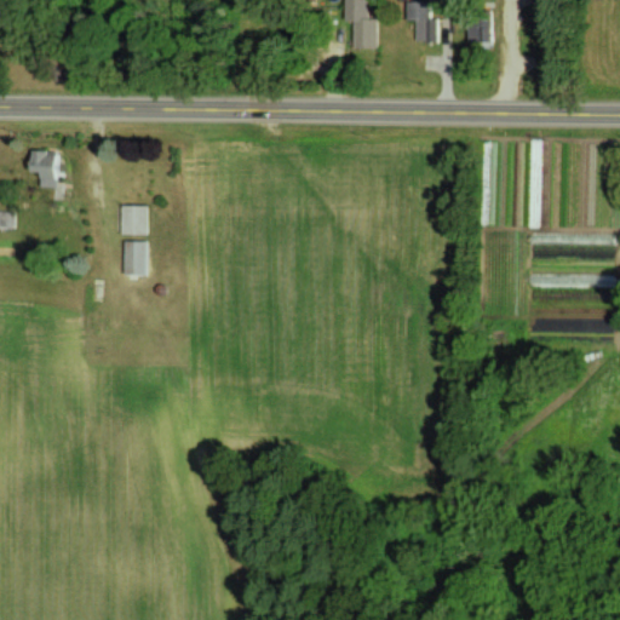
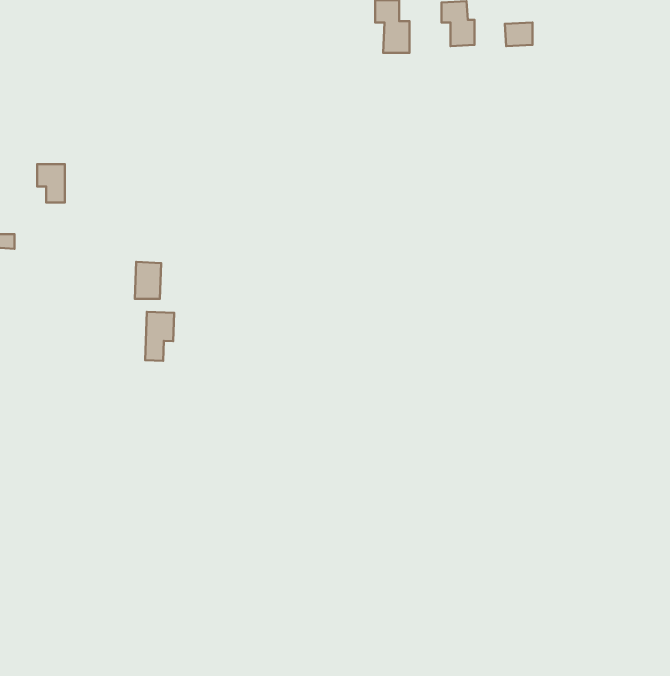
building: [122,205,148,234] -> none
building: none -> [145,312,174,361]

